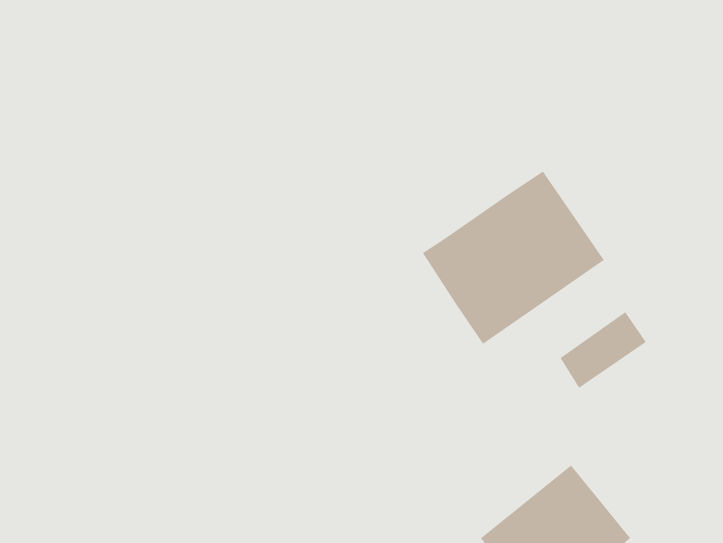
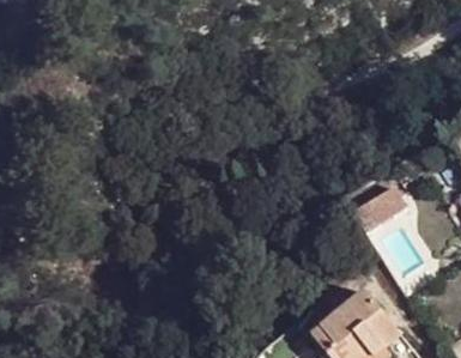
building: [422,170,605,345] -> none

